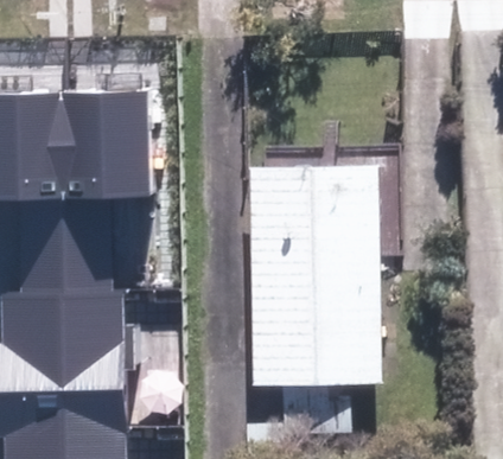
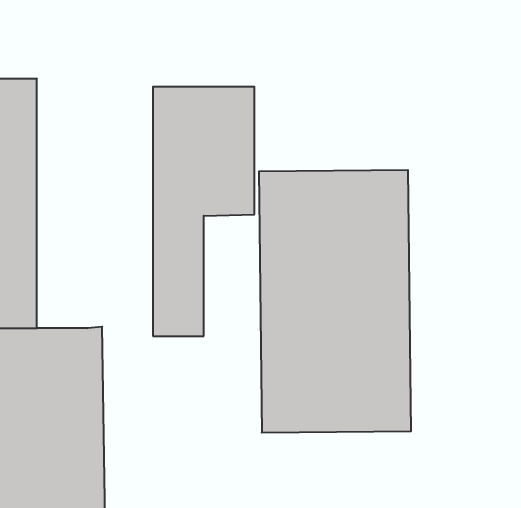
building: [69,93,152,297] -> [153,87,254,336]

